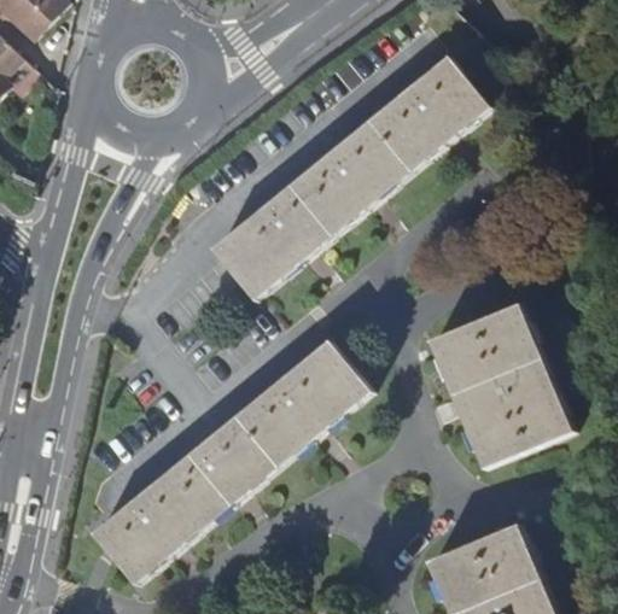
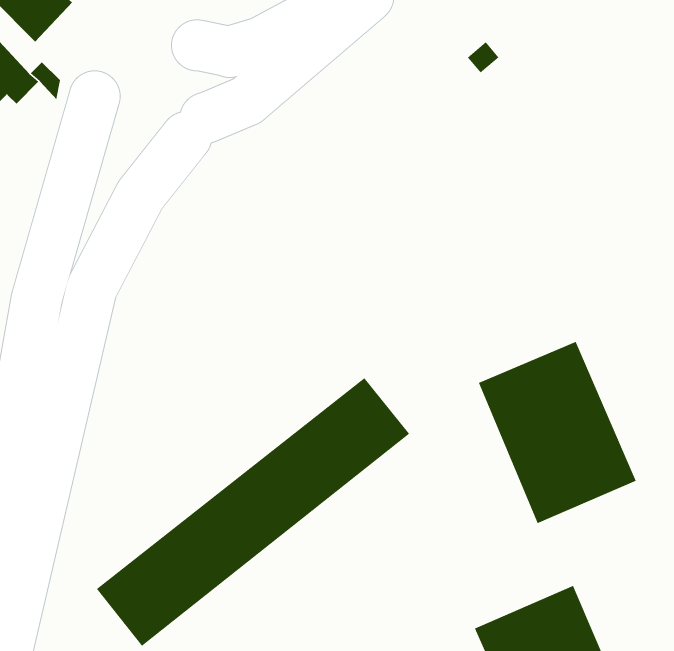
building: [212,62,490,300] -> none

